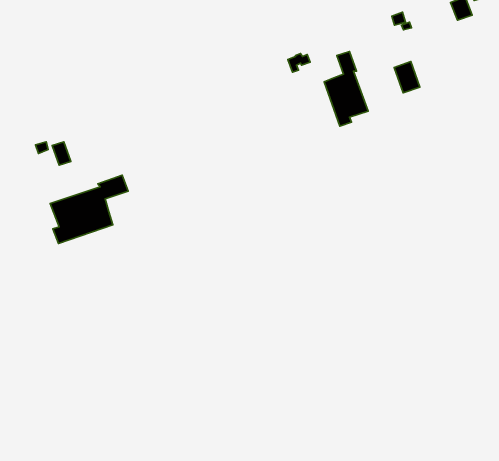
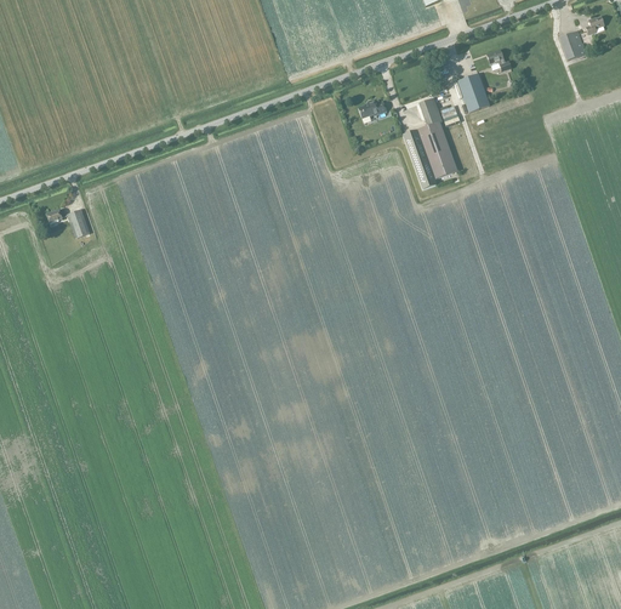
building: [394,62,420,93] -> [457,72,489,110]
building: [50,175,128,244] -> none

